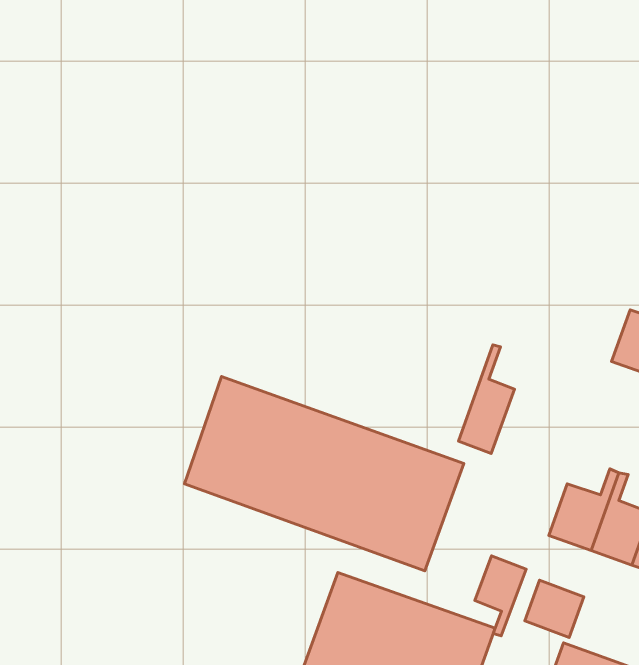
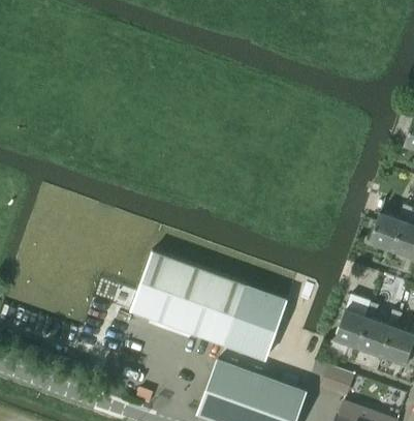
building: [458,345,514,454] -> none
building: [475,556,526,636] -> none

